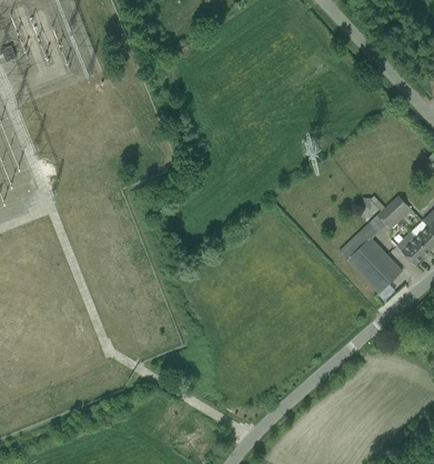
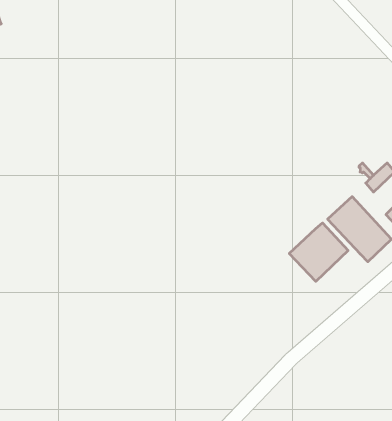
building: none -> [289,223,348,281]

